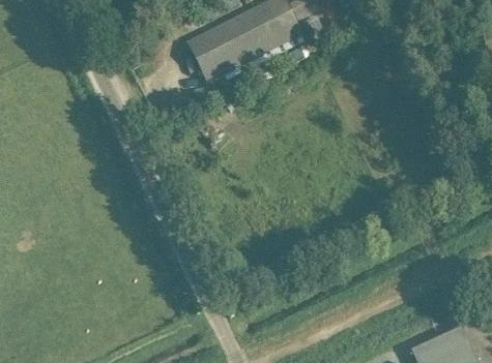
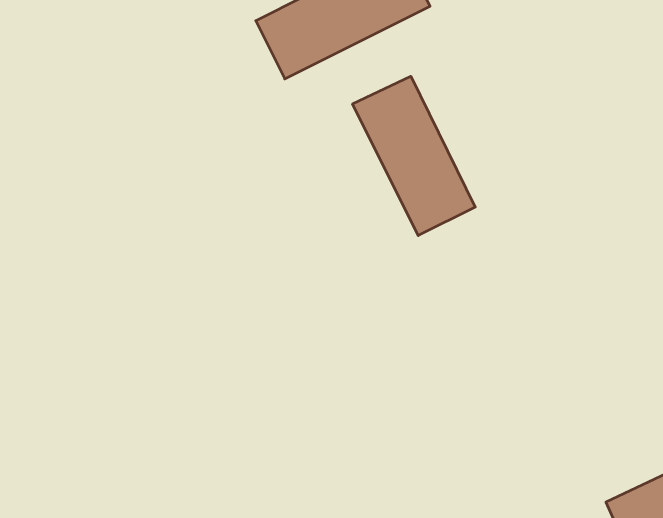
building: none -> [353,76,475,236]

